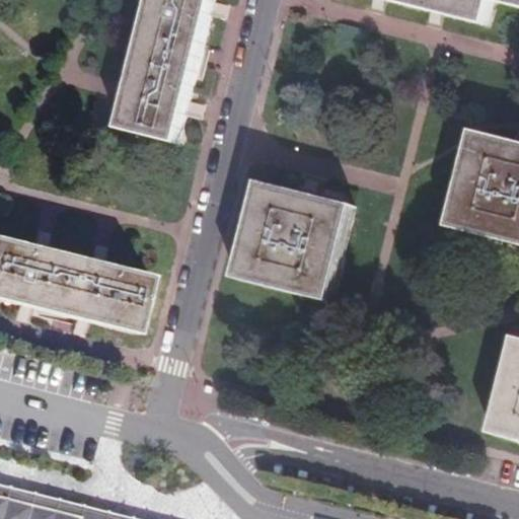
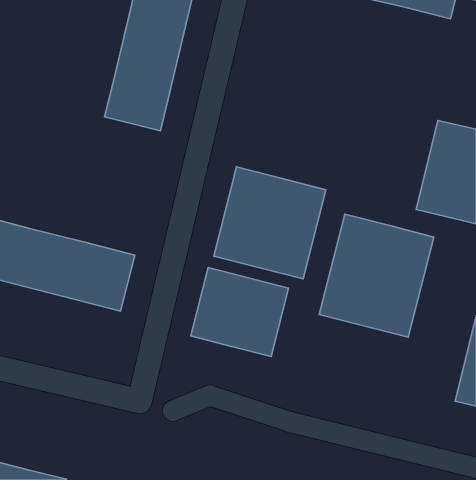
building: none -> [319,214,434,337]
building: none -> [191,268,289,356]

